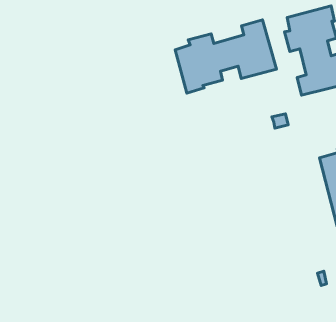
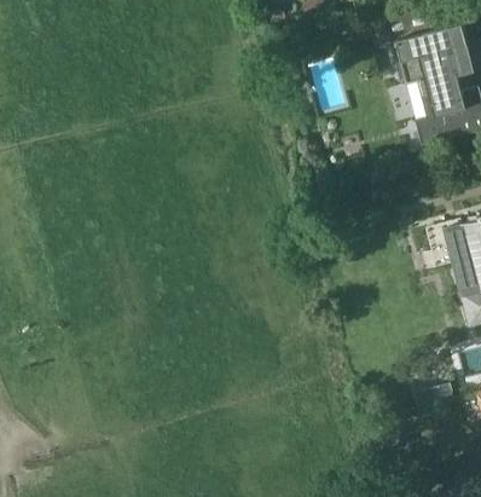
building: [175,20,277,93] -> none

